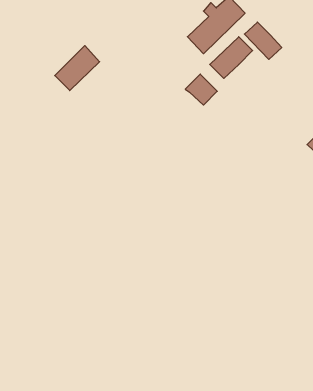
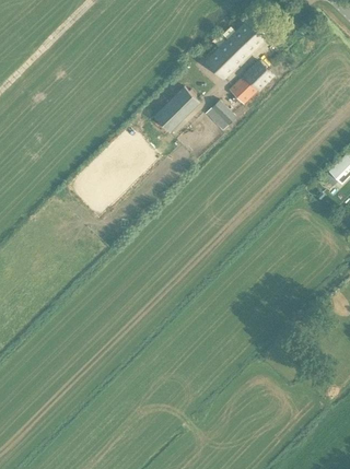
building: [244,22,282,59] -> none
building: [55,46,100,91] -> [153,85,199,131]

